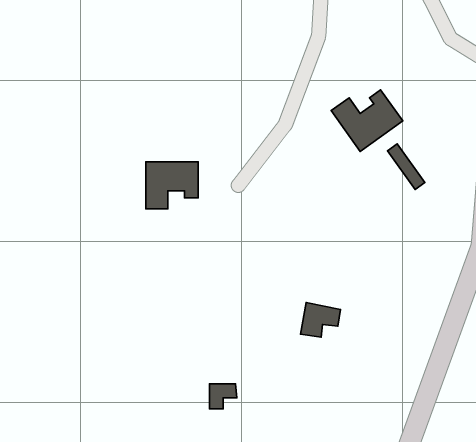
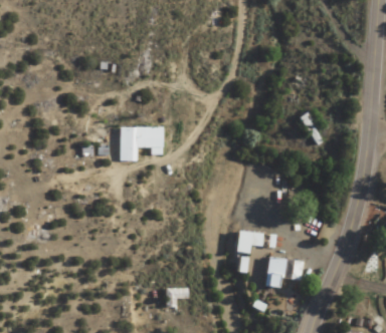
building: [331,90,403,151] -> none
building: none -> [267,257,304,287]

